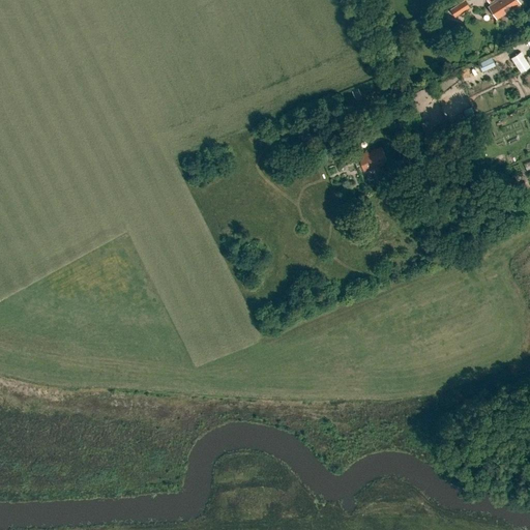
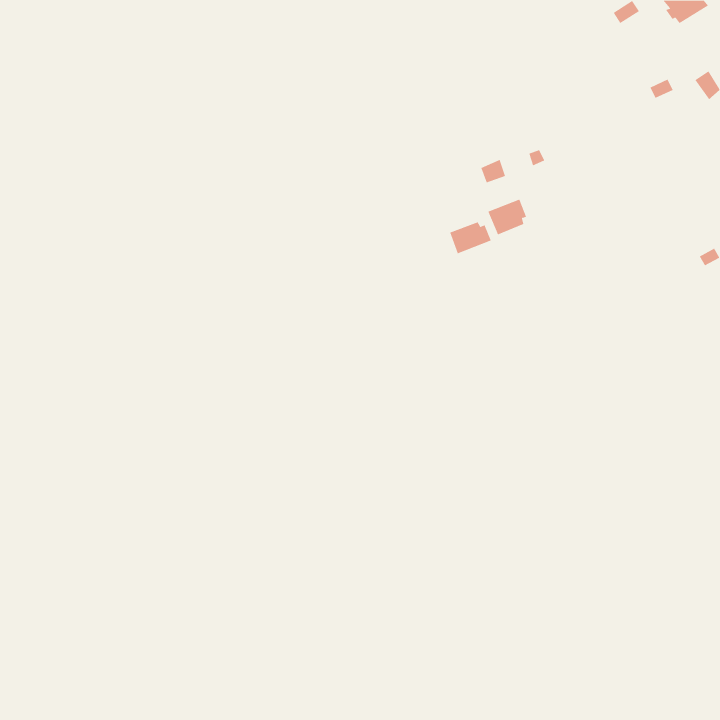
building: none -> [449,222,491,254]

